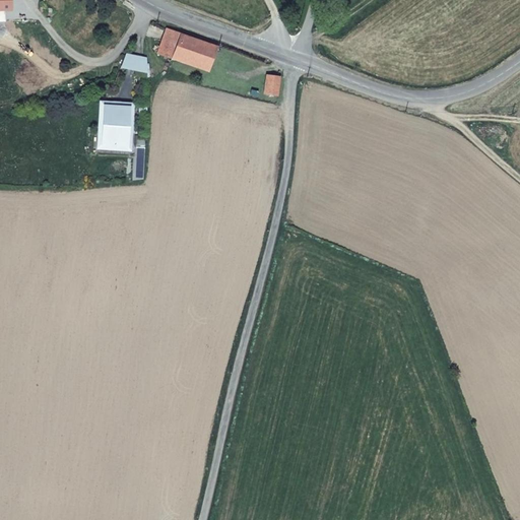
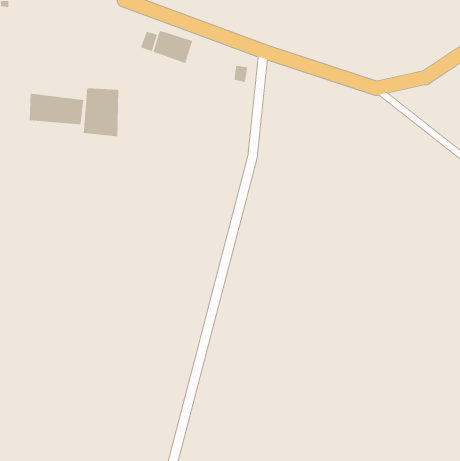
building: [120,52,145,72] -> none
building: none -> [29,93,84,125]

